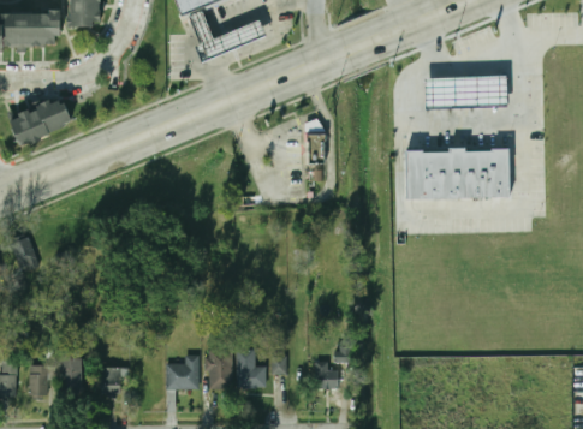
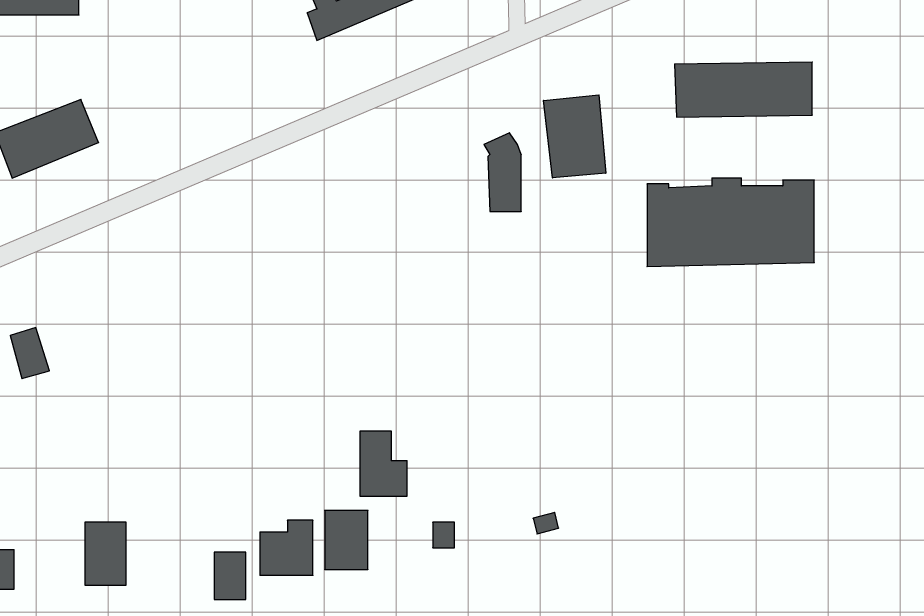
building: none -> [544,95,606,178]
building: [237,348,266,388] -> [360,431,407,496]
building: [315,361,338,388] -> none
building: [31,364,49,398] -> none
building: [101,367,120,395] -> [214,552,246,599]

